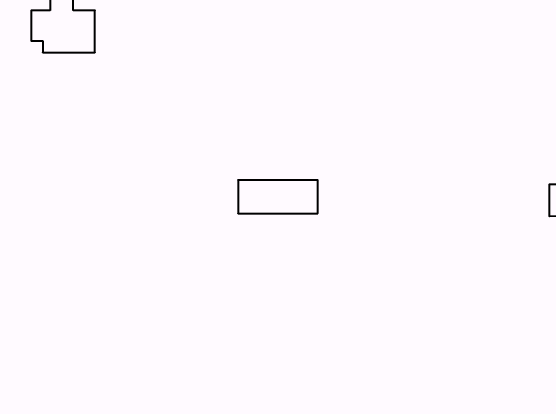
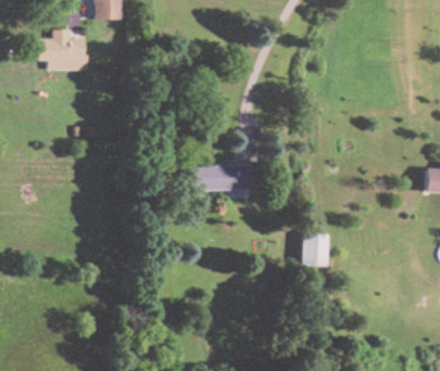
building: none -> [303,233,327,266]

